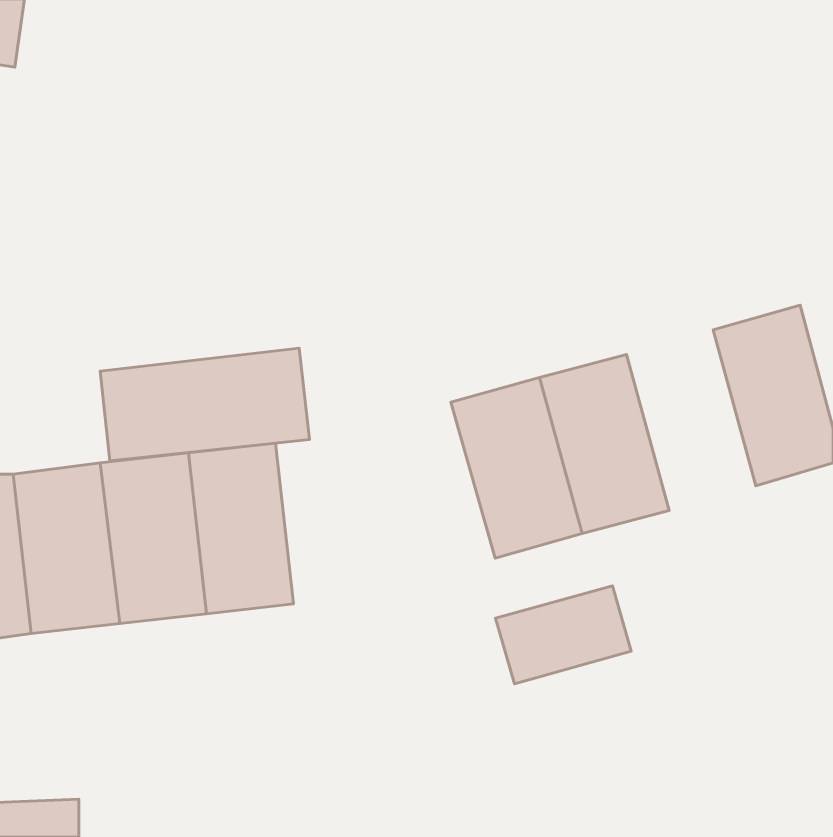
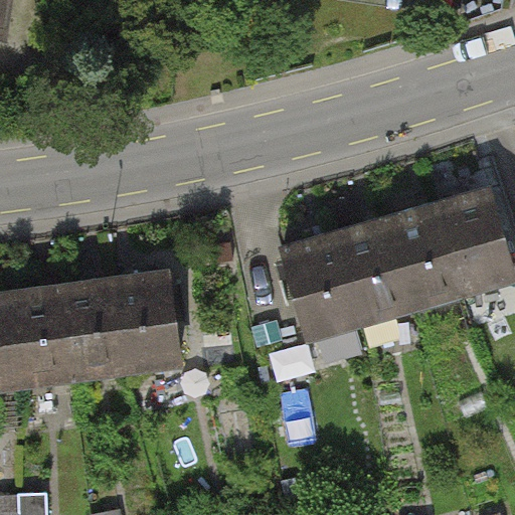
building: none -> [384,202,464,313]
building: [100,348,309,461] -> none
building: [496,586,631,684] -> none

